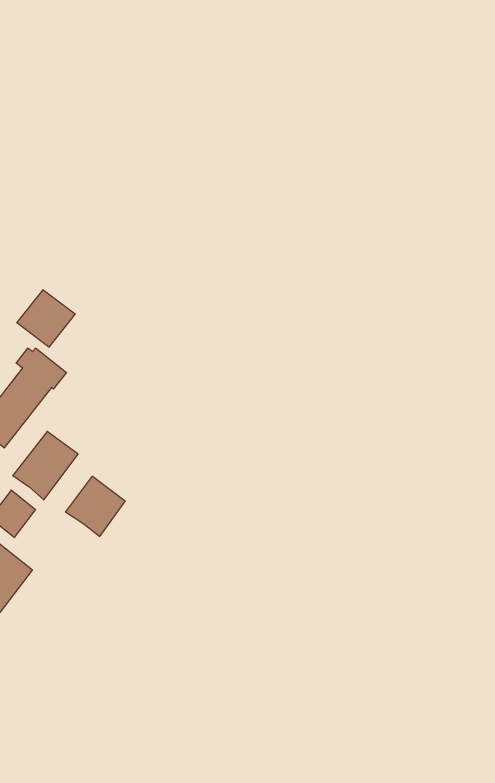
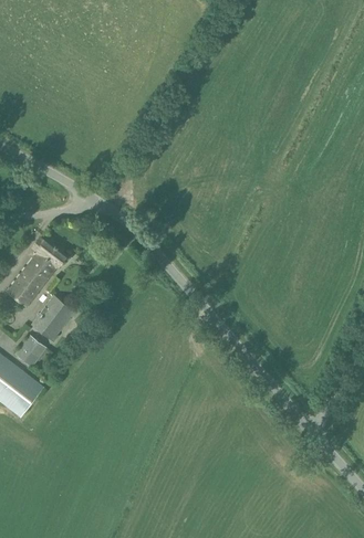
building: [17,290,75,347] -> none
building: [66,476,125,537] -> none

